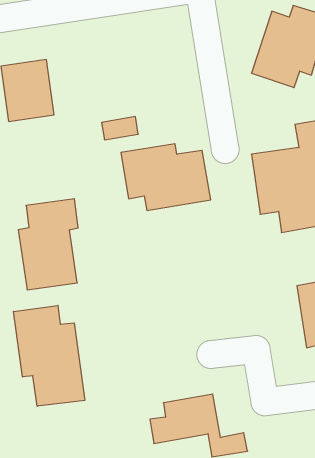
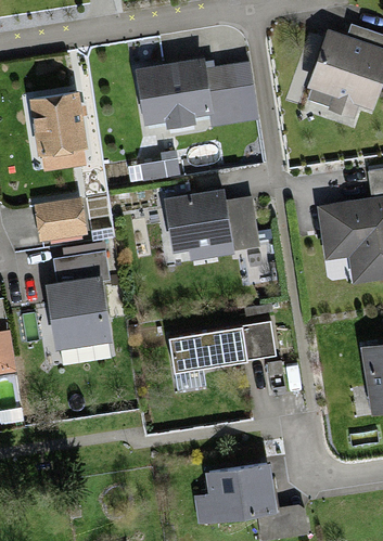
building: none -> [131,55,245,139]
building: none -> [38,195,92,237]
building: none -> [165,321,275,372]
building: [13,305,85,406] -> none

